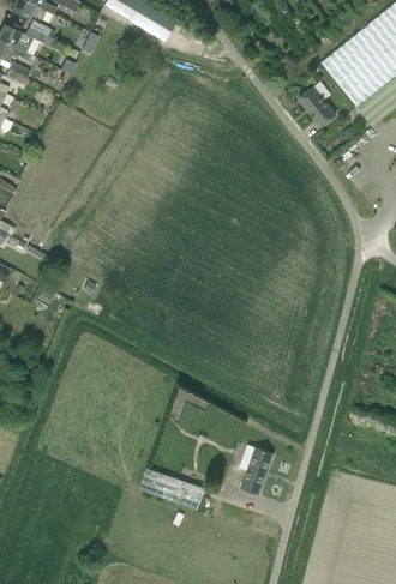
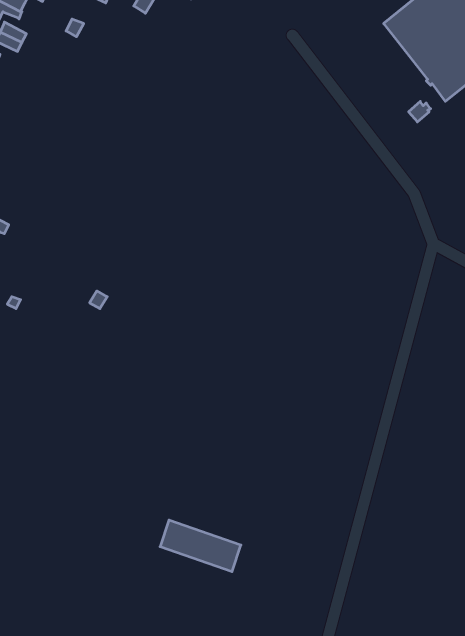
building: [296,85,335,126] -> none
building: [239,446,272,494] -> none

